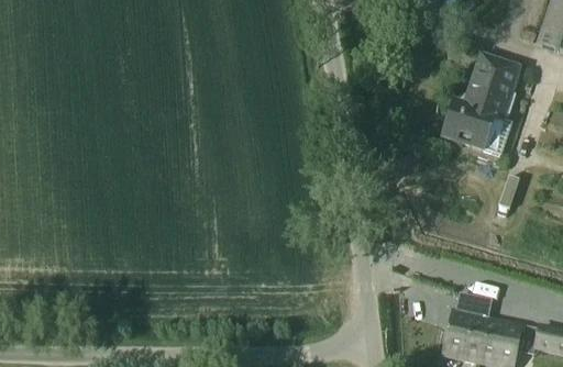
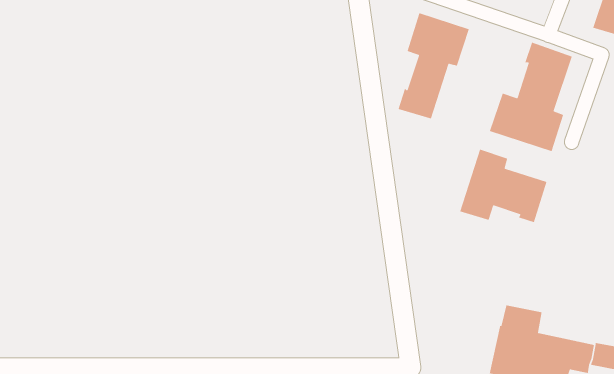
building: none -> [397,12,470,120]
building: none -> [459,149,547,223]

